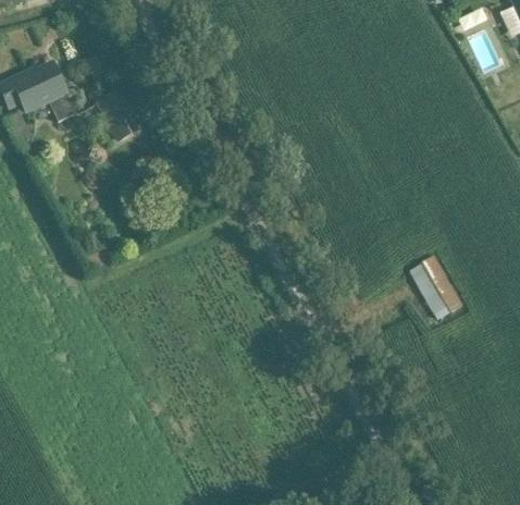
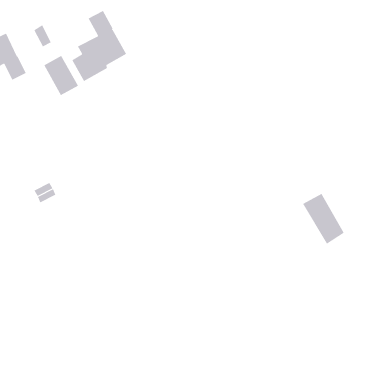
building: none -> [71,10,127,82]

